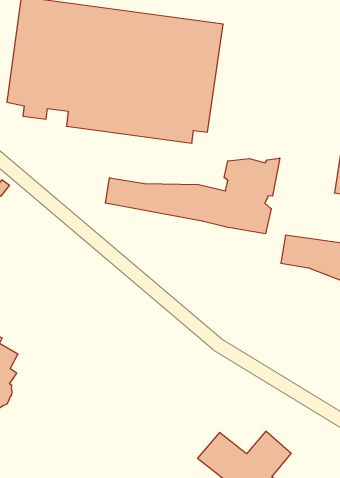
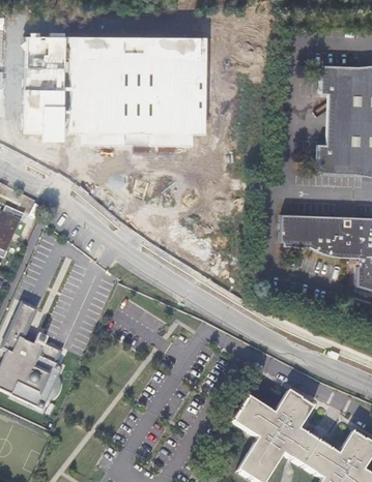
building: [105,158,280,234] -> none

